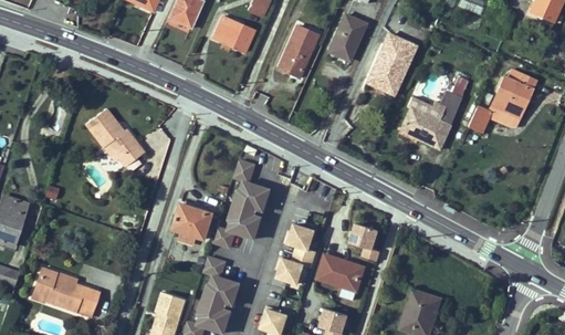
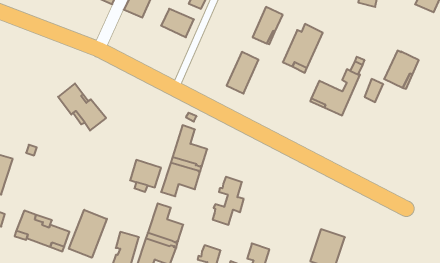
building: [279,25,318,77] -> [227,52,259,94]
building: [349,223,380,261] -> none
building: [316,255,366,302] -> none
building: none -> [69,210,107,258]

